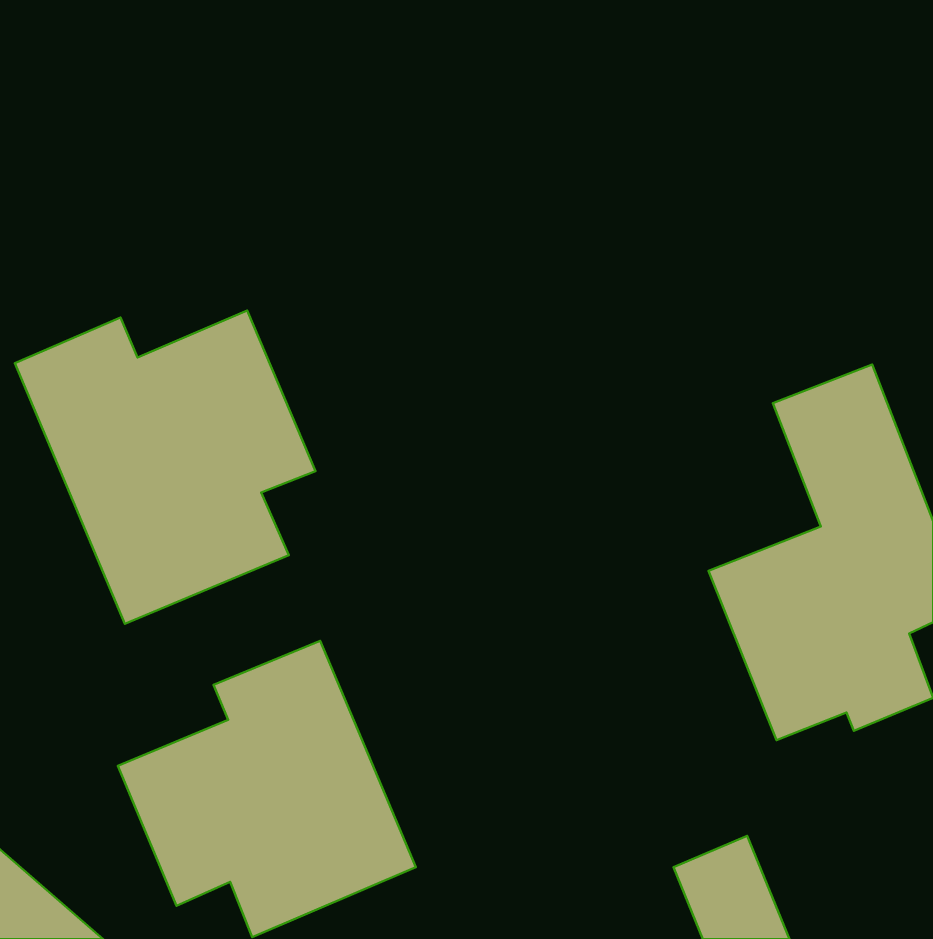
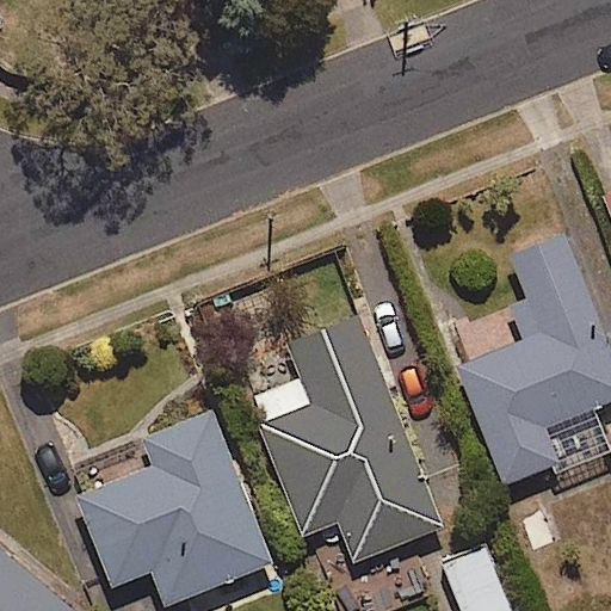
building: [15,310,315,624] -> none
building: none -> [249,316,443,563]

